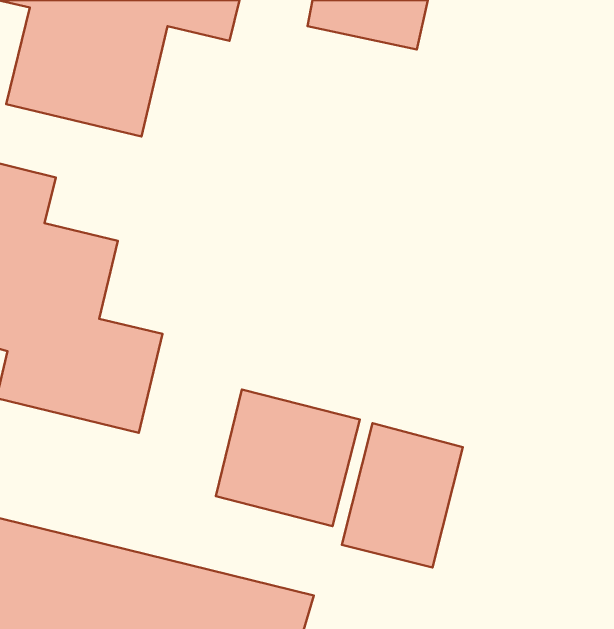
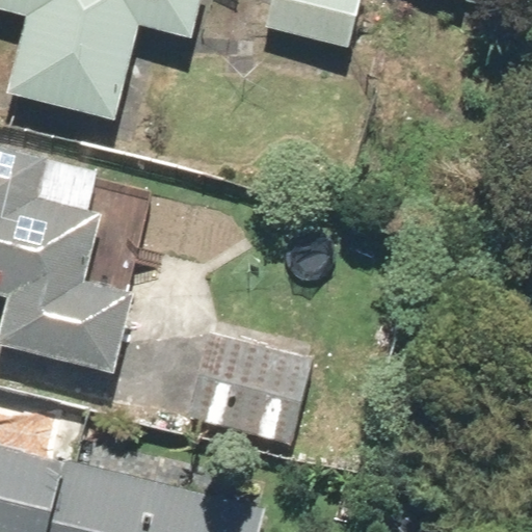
building: [342,423,463,567] -> none

